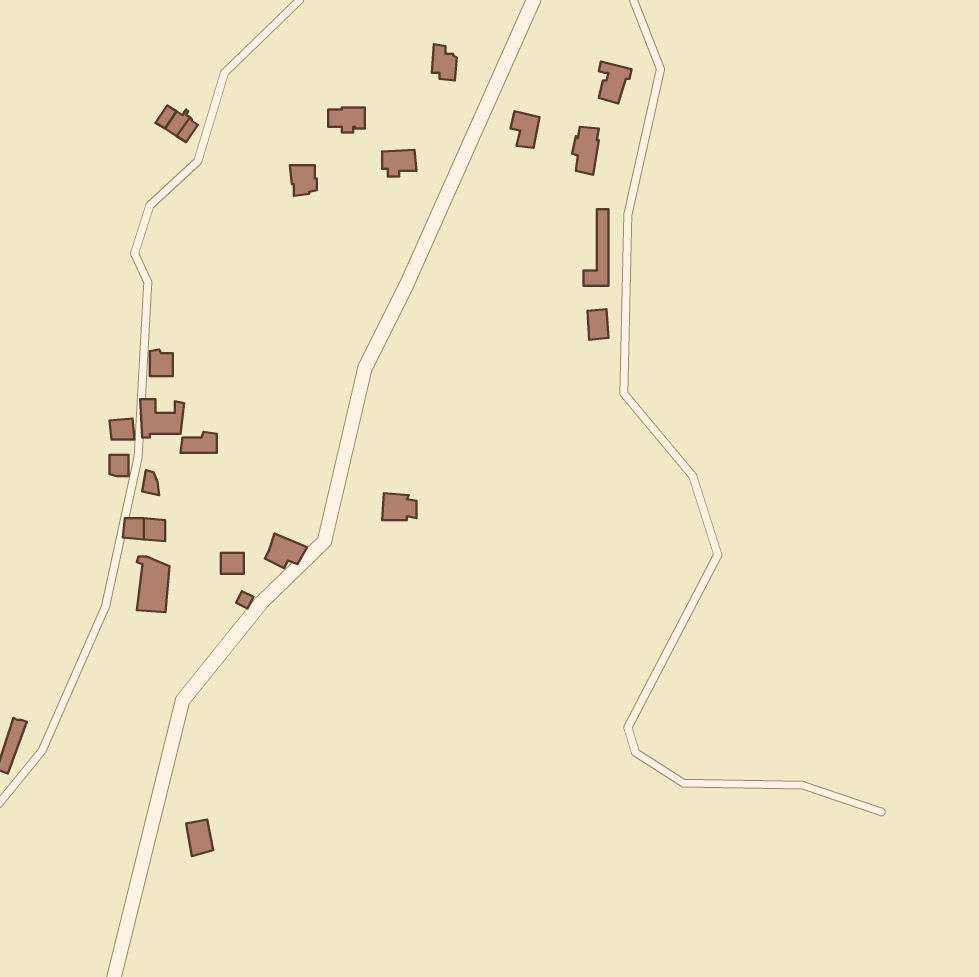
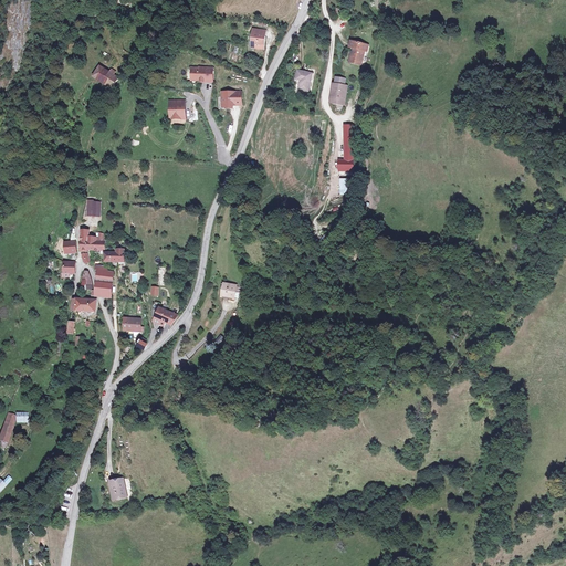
building: [137,556,169,612] -> [94,269,113,301]

